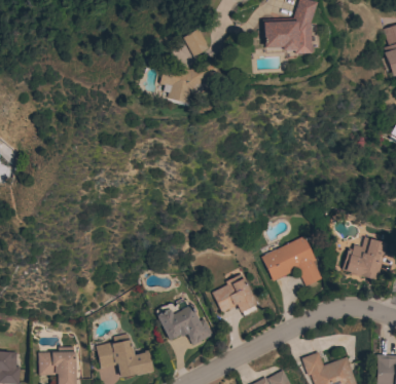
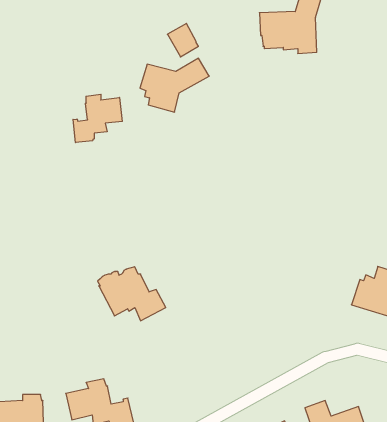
building: none -> [73,94,122,143]
building: [261,236,323,287] -> none
building: [212,274,258,317] -> none
building: [155,300,214,346] -> [98,267,166,321]

